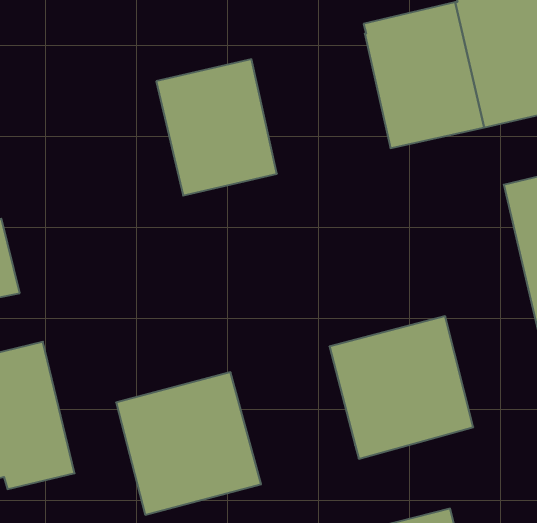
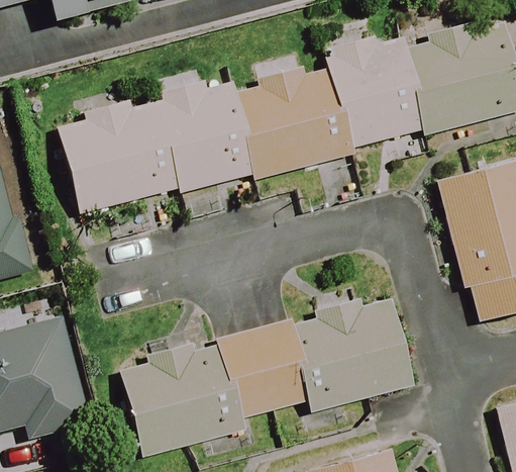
building: none -> [230,58,345,174]
building: none -> [58,97,174,213]
building: none -> [213,317,316,420]

